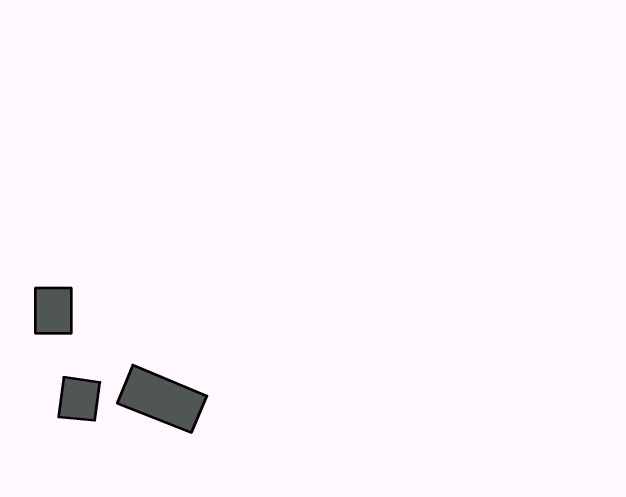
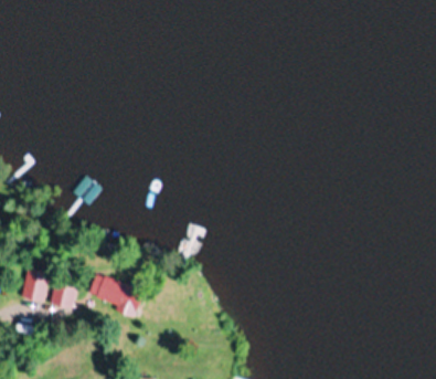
building: [35,288,71,333] -> [22,272,45,301]

